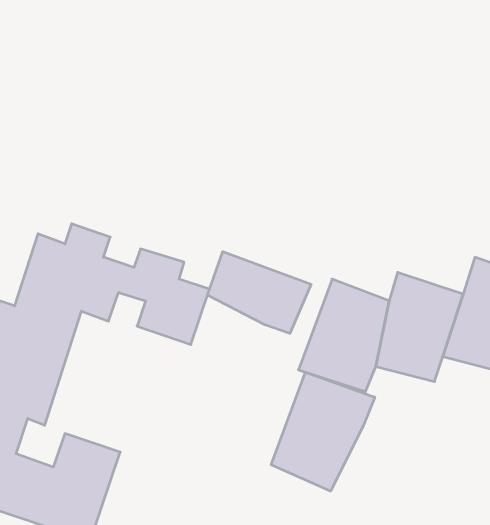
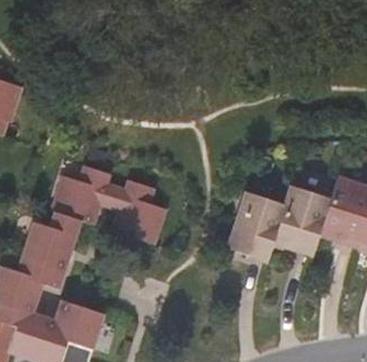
building: [207,252,311,333] -> none
building: [271,372,375,491] -> none

